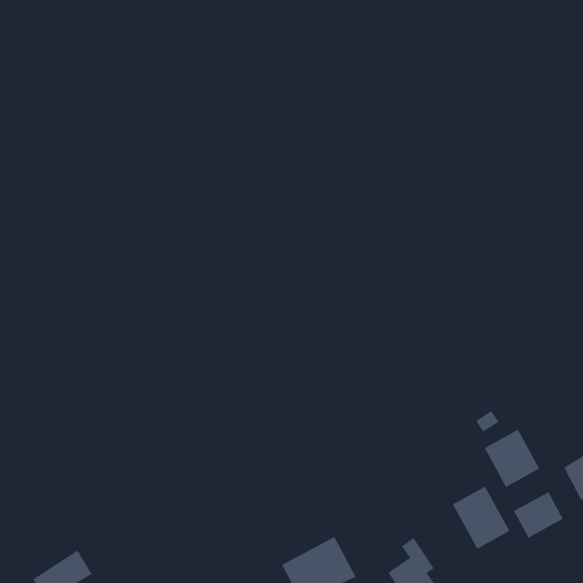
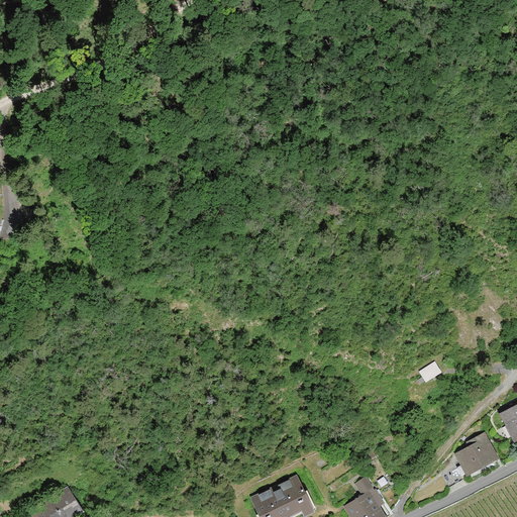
building: [484,429,540,488] -> none
building: [452,486,510,550] -> none

